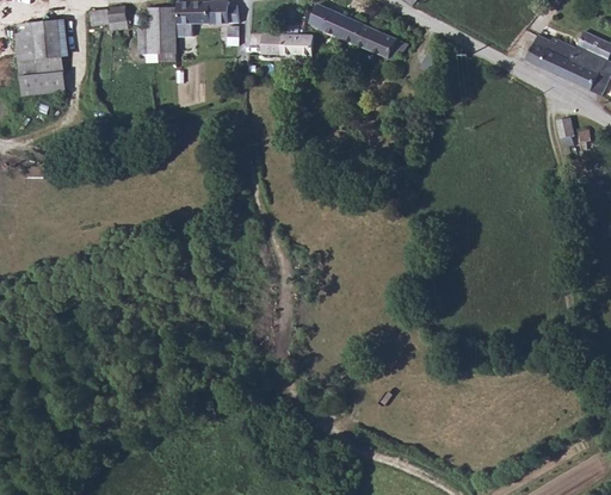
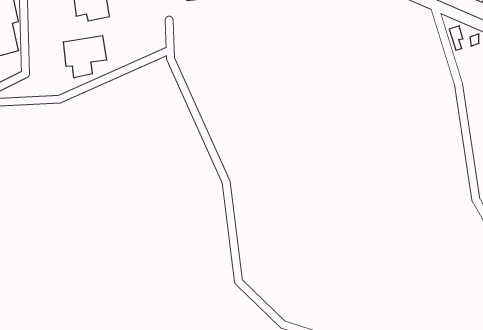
building: none -> [63,36,106,78]

